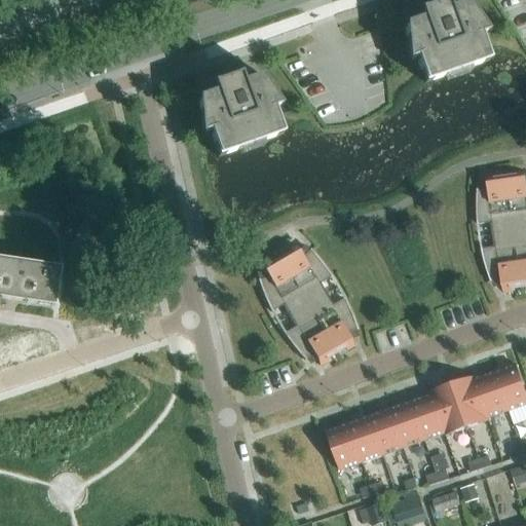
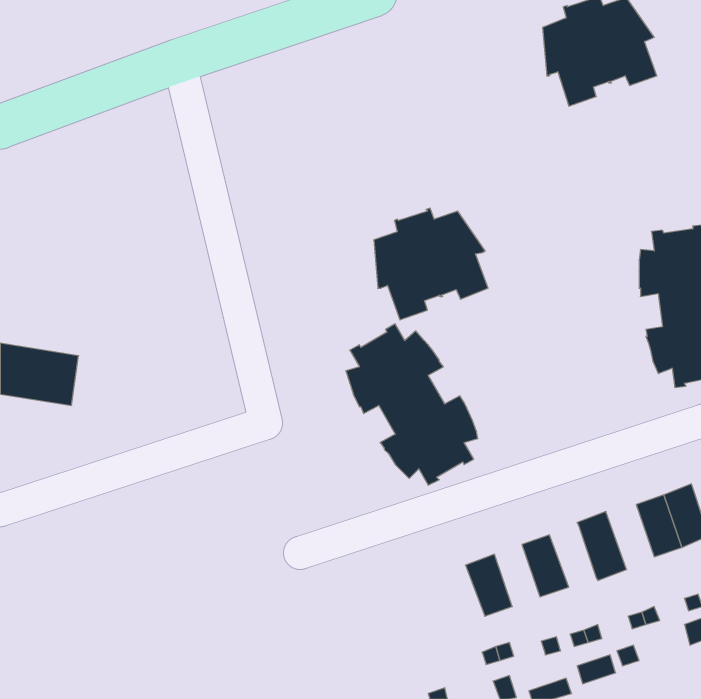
building: [200,70,286,153] -> [374,208,488,320]
building: [454,374,491,424] -> none
building: [412,391,447,438] -> none
building: [371,406,405,452] -> none
building: [329,421,364,467] -> none

